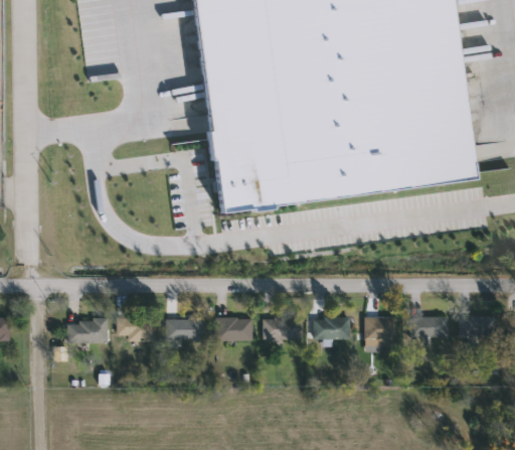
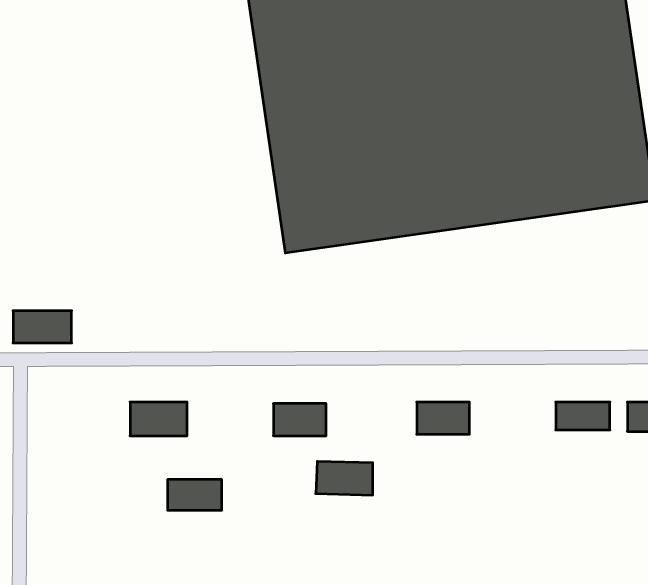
building: [364,316,394,351] -> none
building: [262,317,301,340] -> [316,461,373,495]
building: [166,318,203,339] -> [168,480,222,510]
building: [66,319,107,341] -> [13,311,72,343]

